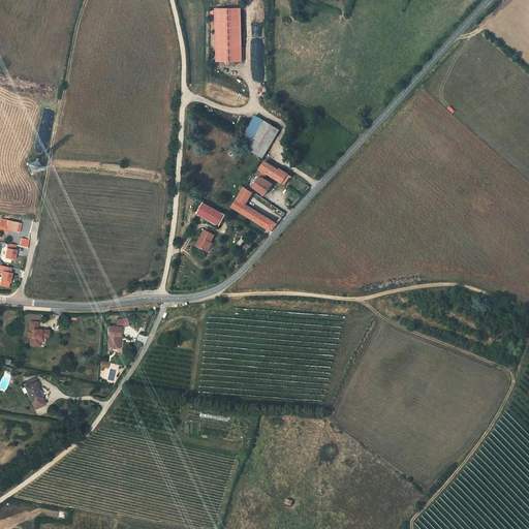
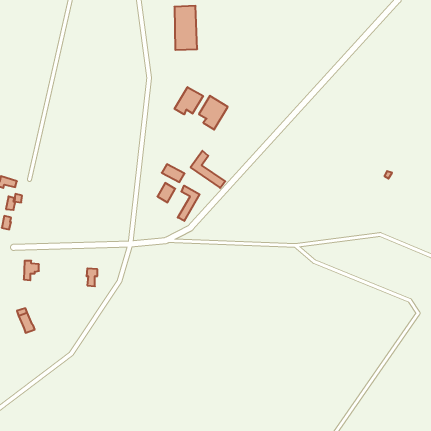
building: none -> [175,87,203,114]
building: [253,161,293,194] -> none
building: none -> [178,186,200,221]

